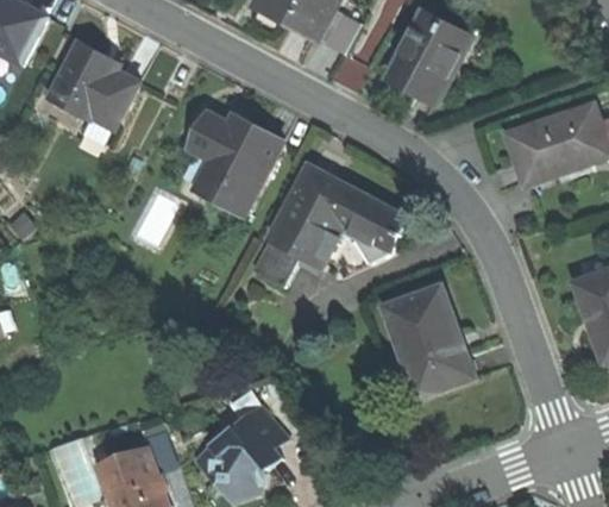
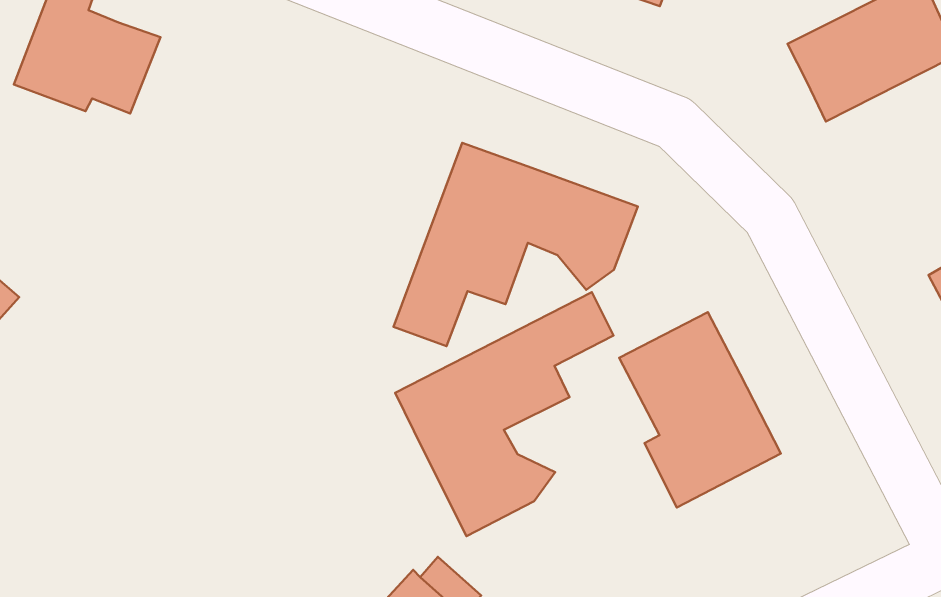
building: [187,113,281,213] -> none
building: none -> [395,292,613,536]

